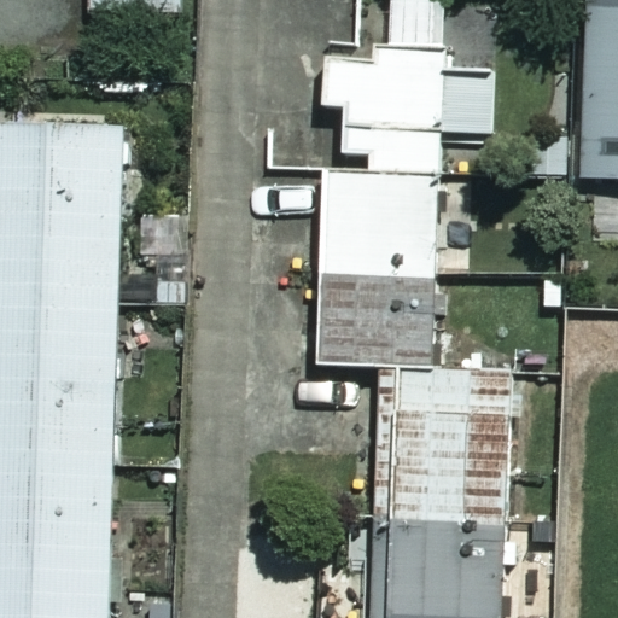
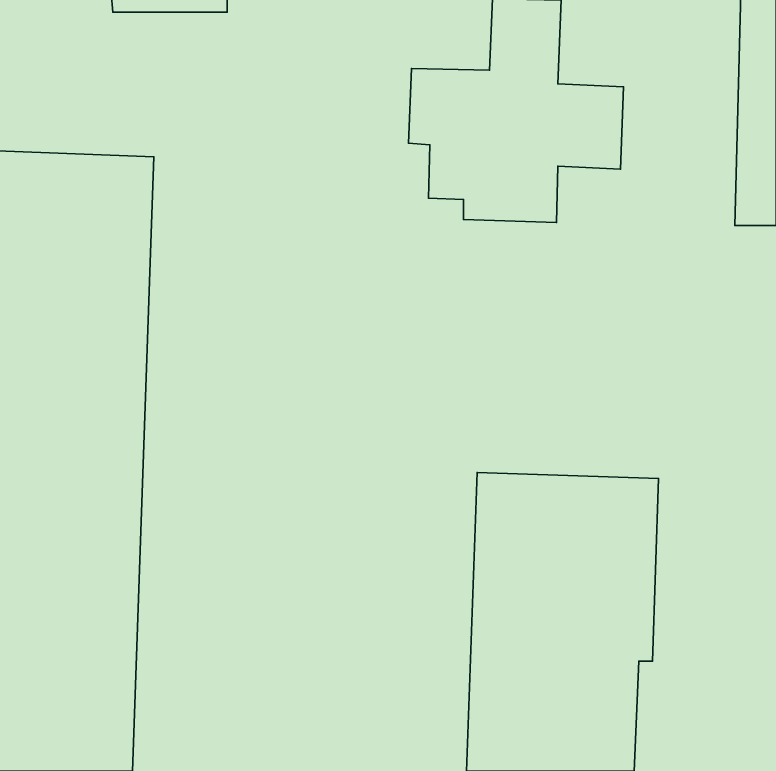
building: [315,171,441,375] -> none

